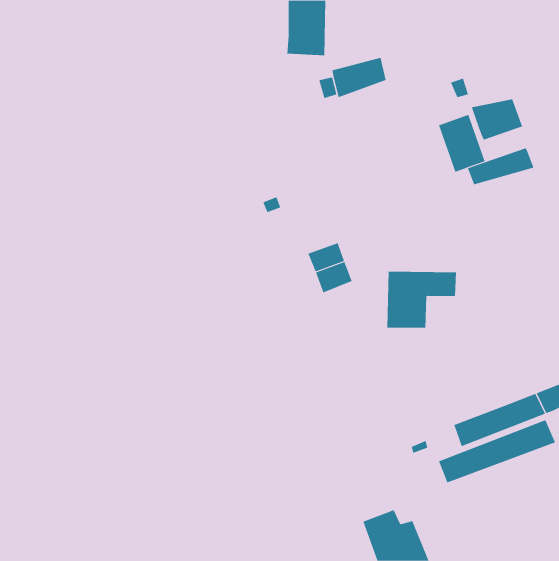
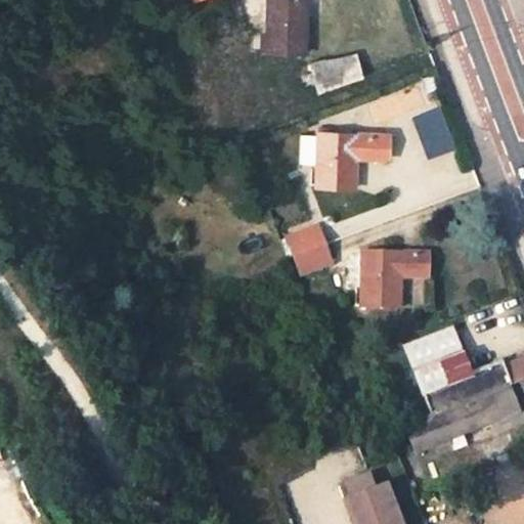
building: [471,98,523,141] -> none
building: none -> [301,132,388,185]
building: [467,147,534,185] -> none
building: none -> [405,333,473,396]

